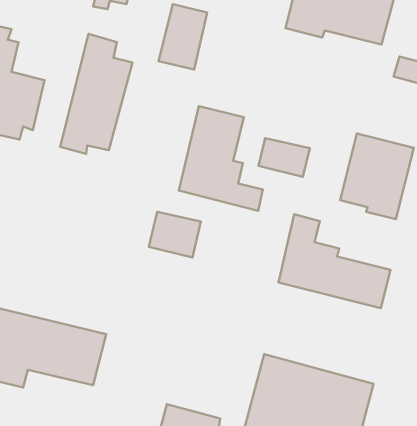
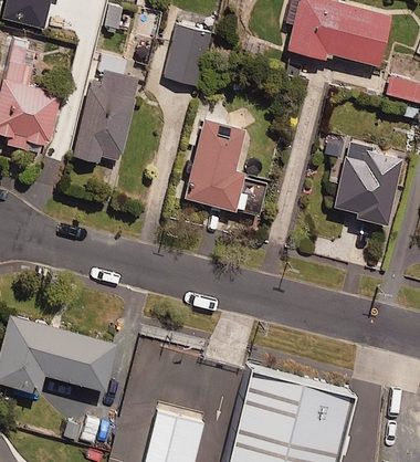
building: [259,138,310,177] -> none
building: [149,212,201,257] -> none
building: [279,214,391,308] -> none

